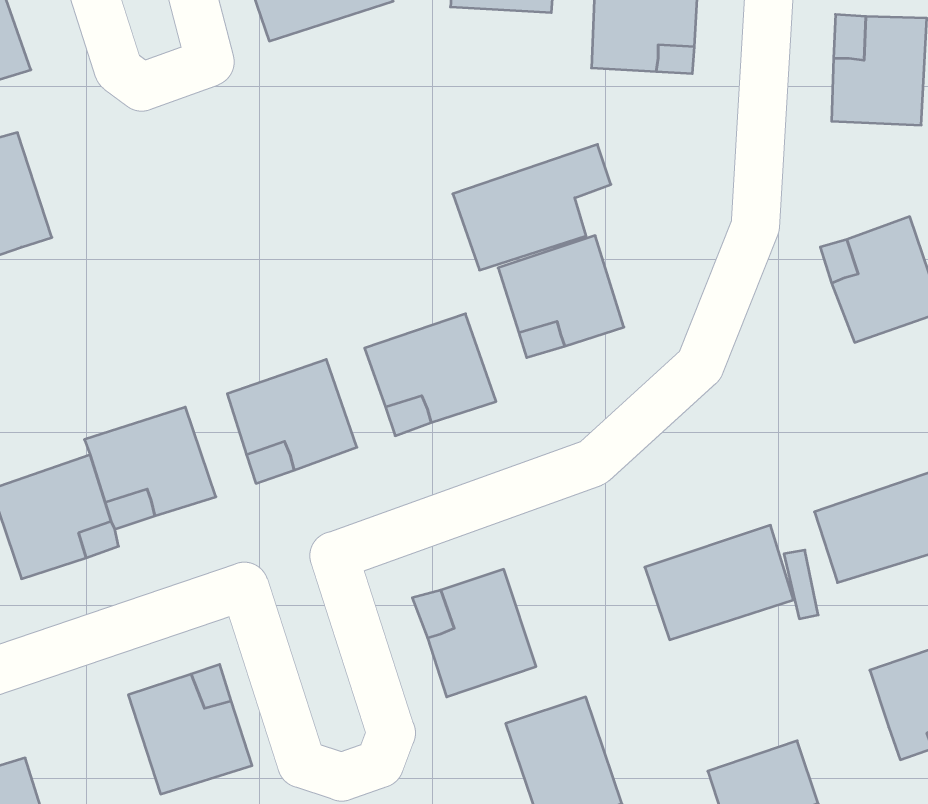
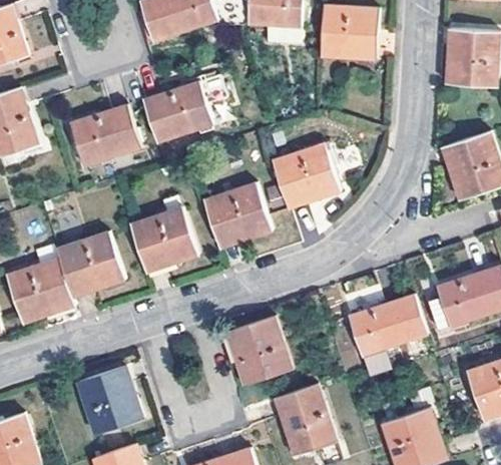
building: [453,144,611,270] -> [142,74,225,140]
building: none -> [69,106,139,166]

